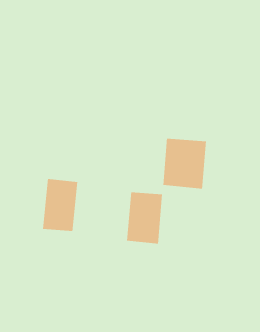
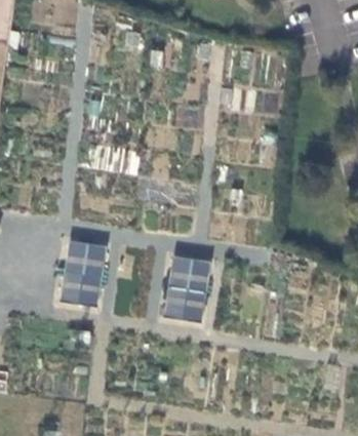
building: [163,138,206,189] -> none

